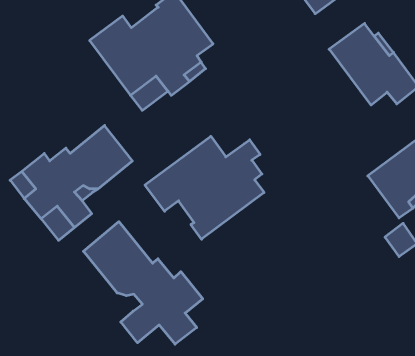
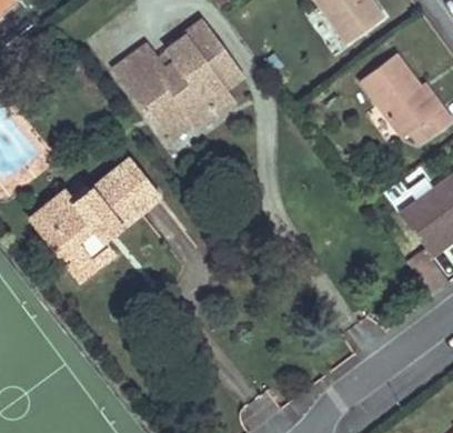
building: [145,136,264,239] -> none
building: [83,222,203,344] -> none

